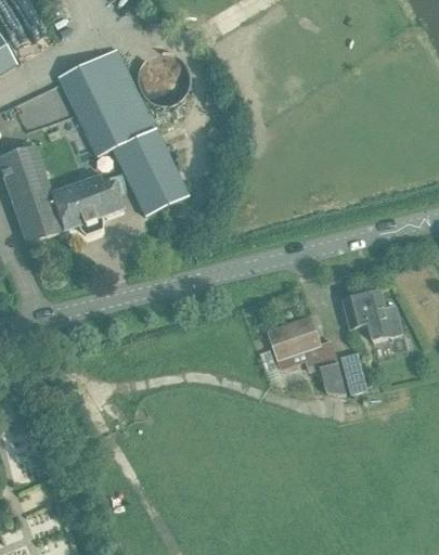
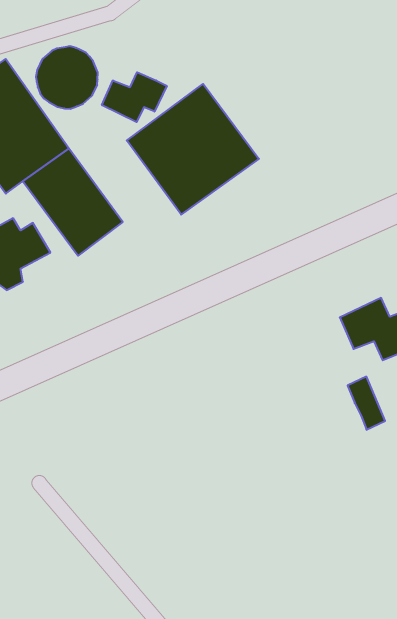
building: none -> [102,72,167,122]
building: none -> [127,84,259,215]
building: [271,314,346,393] -> none

